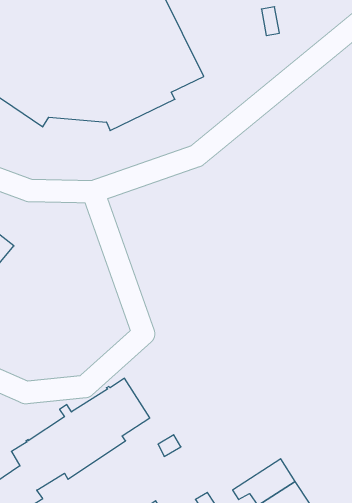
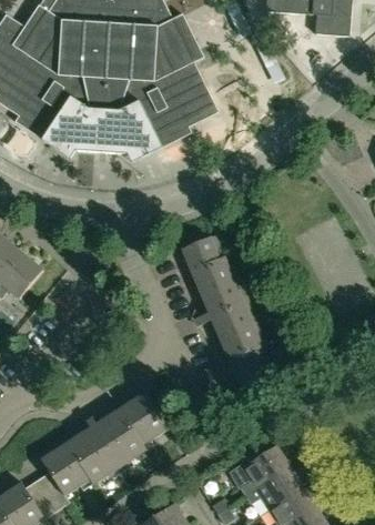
building: none -> [181,234,271,392]
building: none -> [227,445,288,494]

